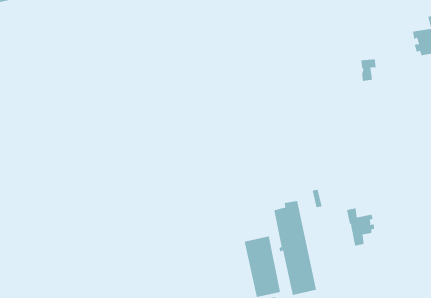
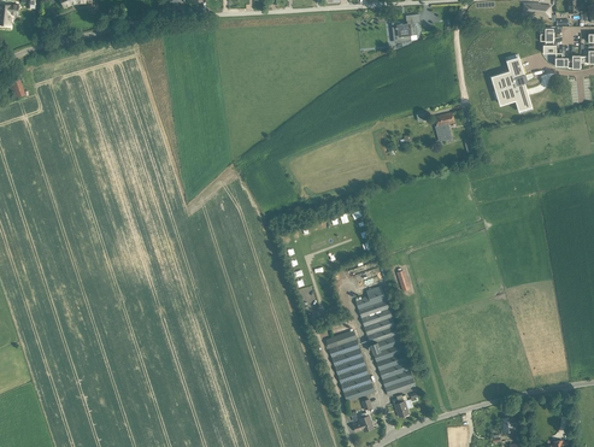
building: [346,208,375,246] -> none

